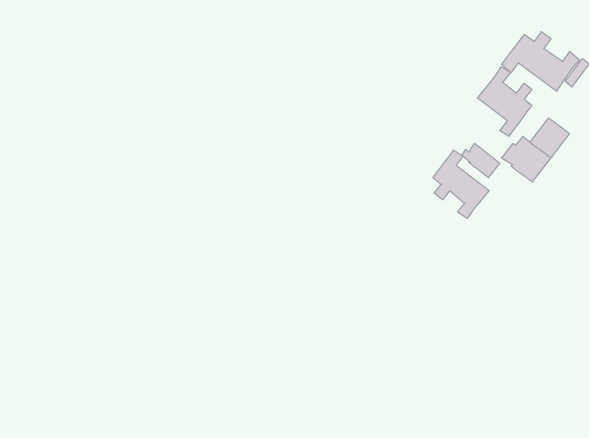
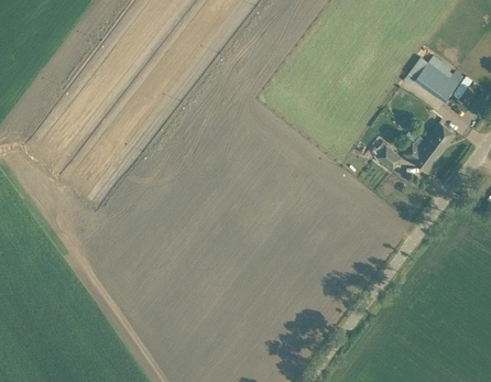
building: [477,67,532,136] -> none
building: [433,150,489,218] -> none

